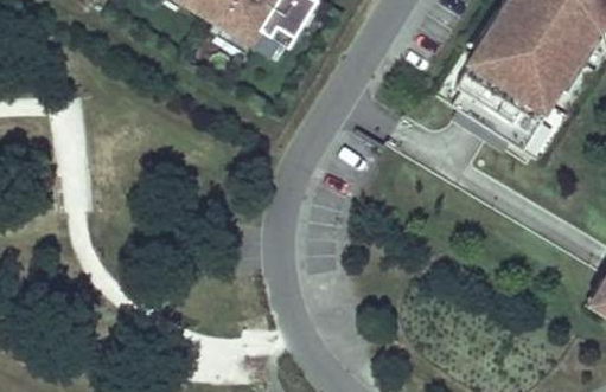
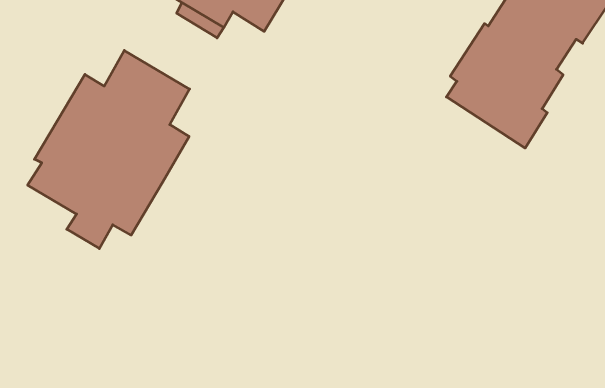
building: none -> [28,50,190,249]

